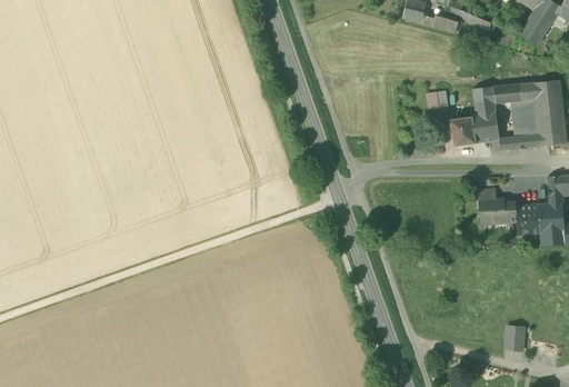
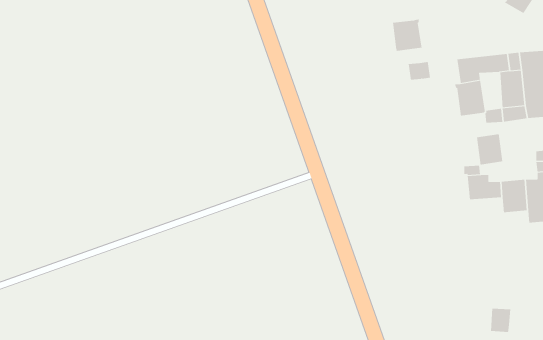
building: none -> [393,18,422,52]
building: [450,117,476,147] -> [476,134,503,165]

